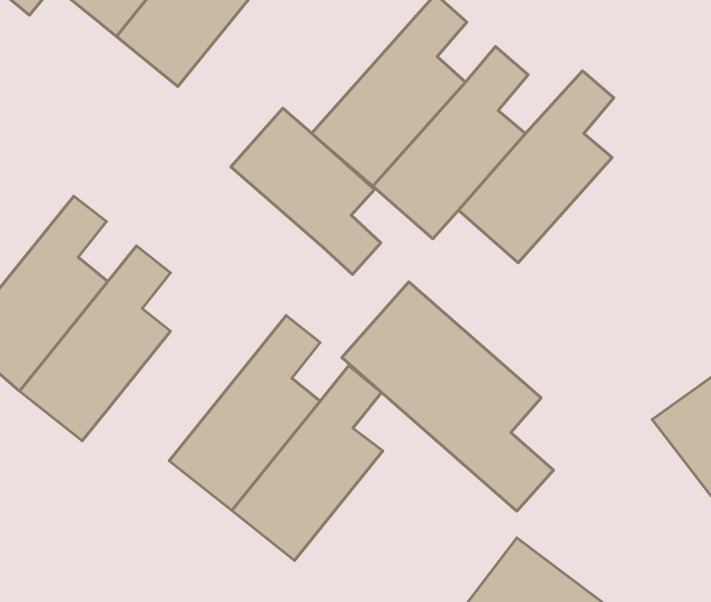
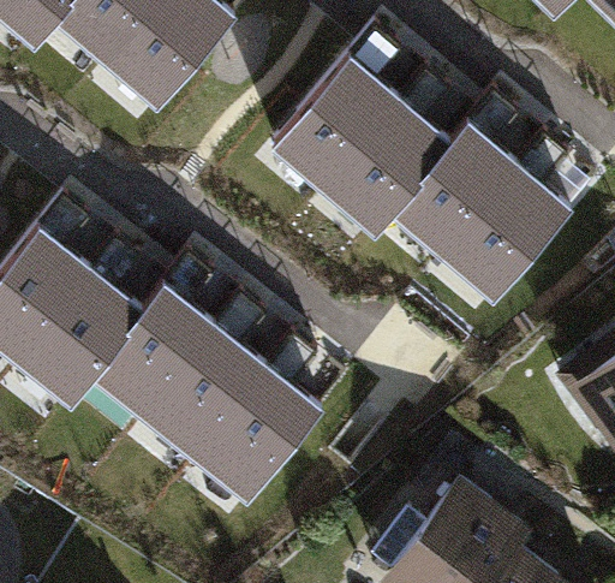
building: [231,108,381,275] -> none
building: none -> [442,137,574,299]
building: none -> [95,257,222,422]
building: [342,282,553,511] -> none

